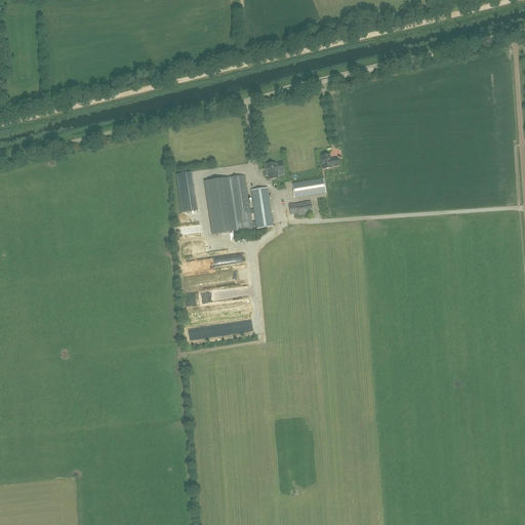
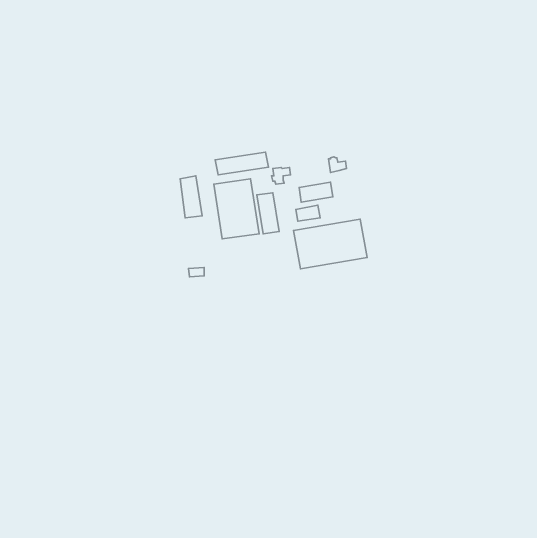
building: none -> [215,152,268,175]
building: none -> [294,219,367,269]

